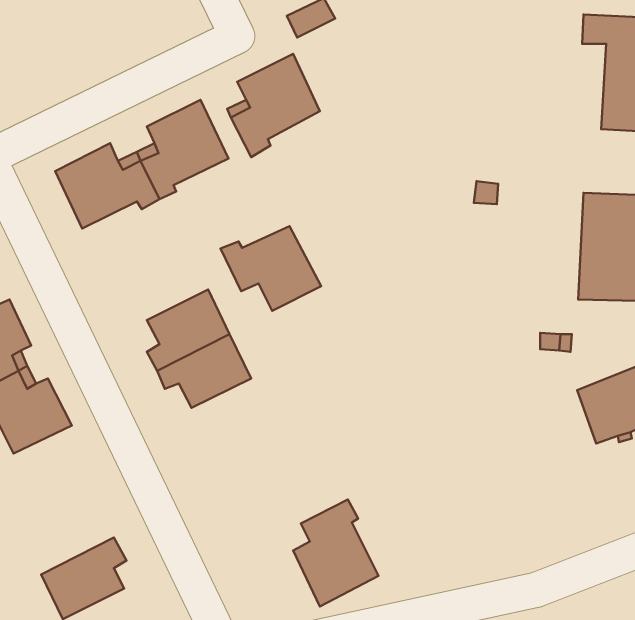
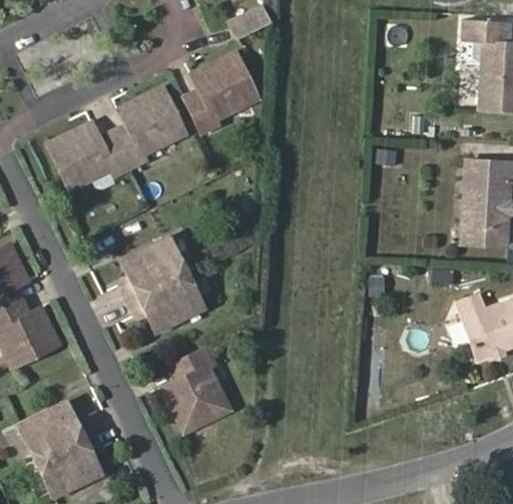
building: [220,226,321,311] -> none
building: none -> [20,402,95,462]
building: [293,499,379,606] -> [163,349,230,433]

